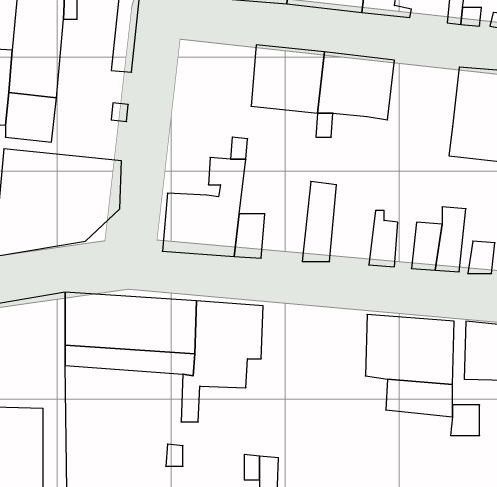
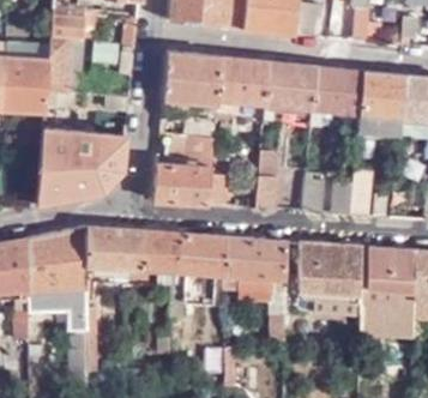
building: none -> [167,49,222,101]
building: none -> [314,65,364,111]
building: none -> [225,237,287,339]

